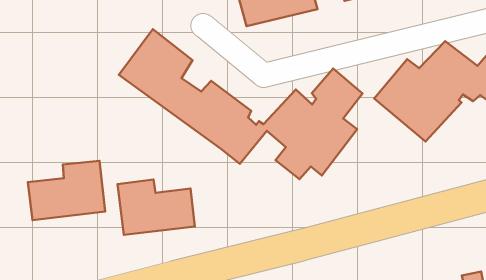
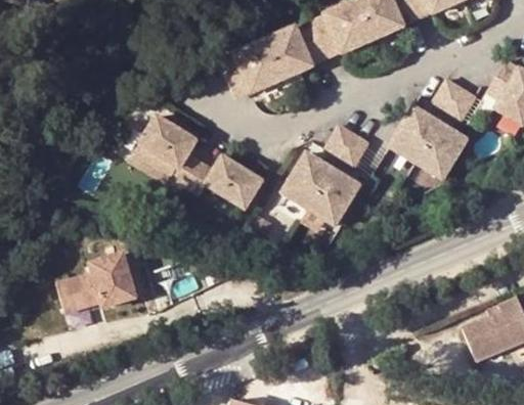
building: [118,180,195,235] -> none

